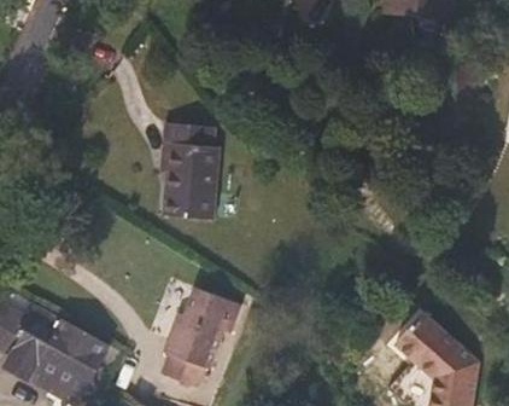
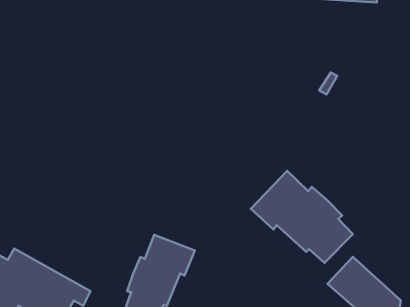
building: [160,124,220,219] -> none
building: none -> [251,171,353,263]

